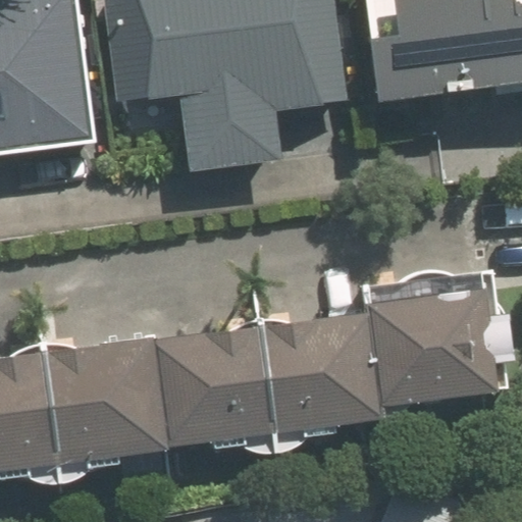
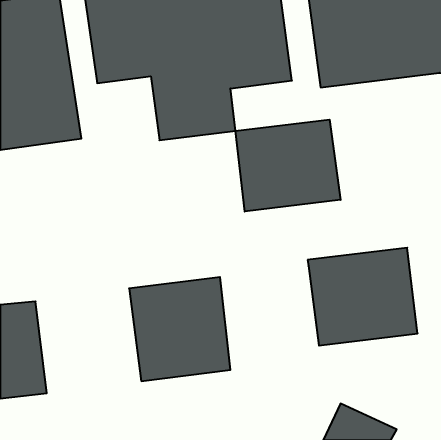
building: none -> [236,120,341,212]
building: [261,313,379,435] -> none
building: [44,340,168,463] -> none

